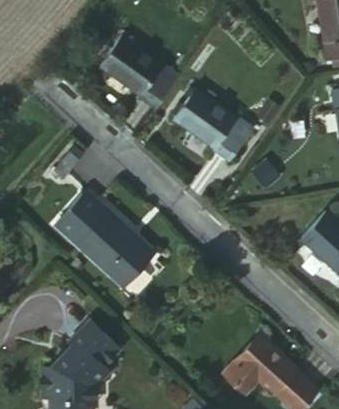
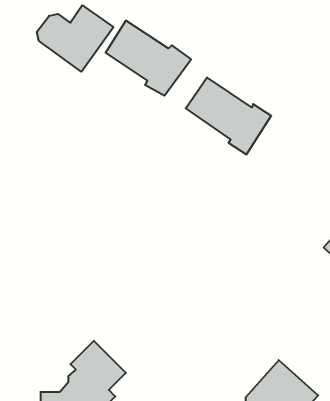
building: none -> [37,5,113,72]
building: [58,200,155,296] -> none

